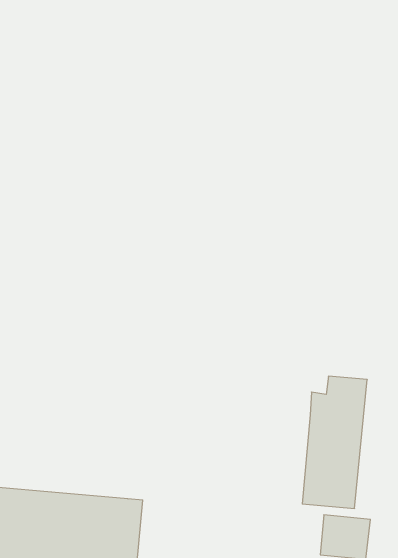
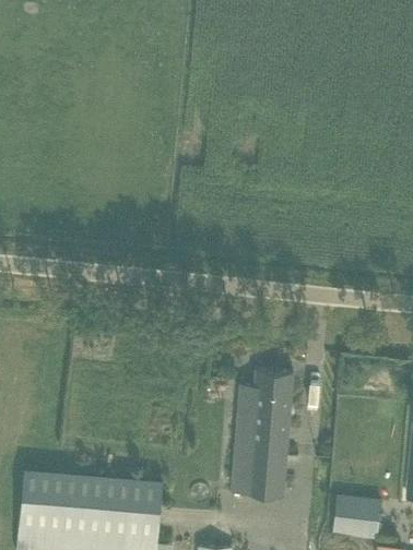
building: [302,376,367,508] -> [232,370,294,497]

